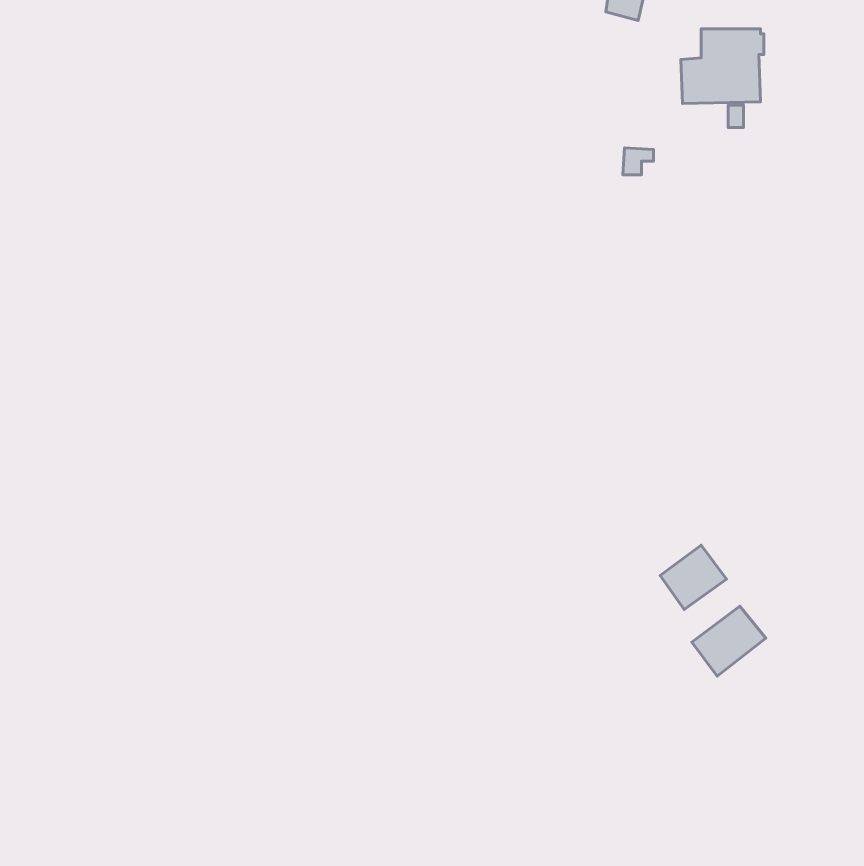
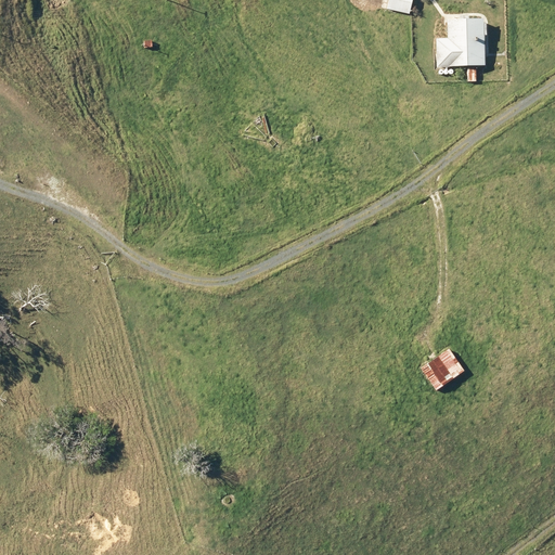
building: [692,606,766,676] -> none

